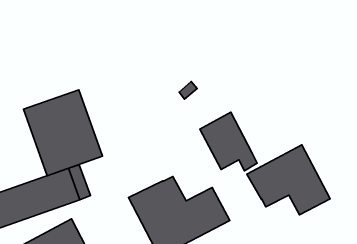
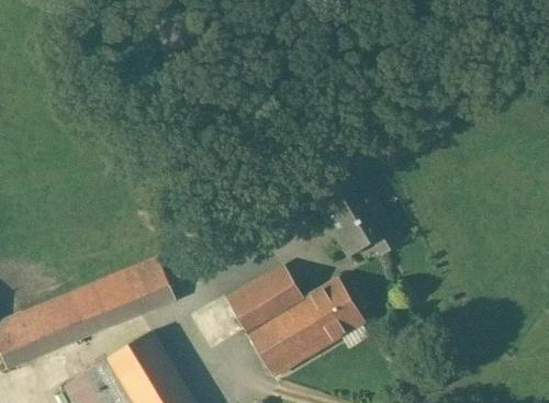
building: [23,90,103,176] -> none
building: [247,145,330,215] -> none

